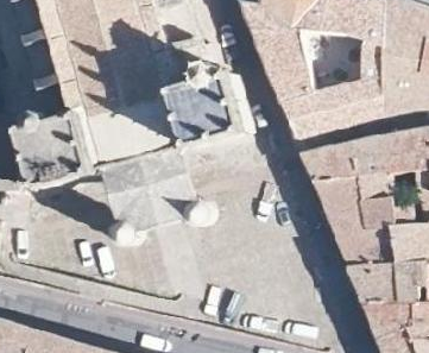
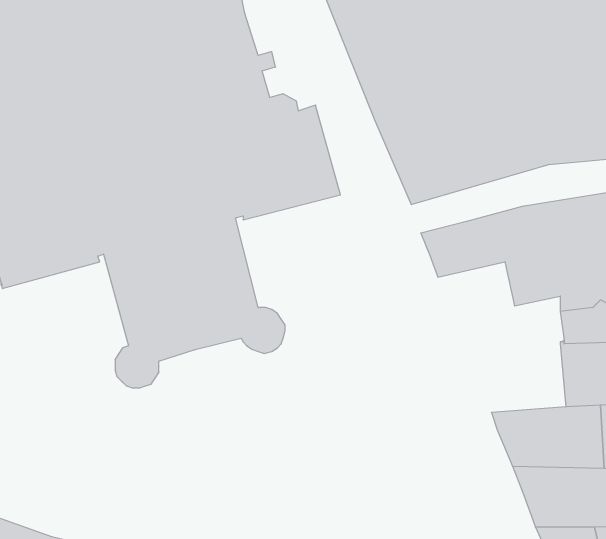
building: [315,171,395,265] -> none

